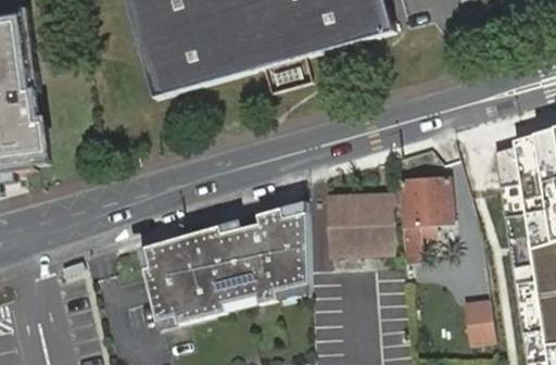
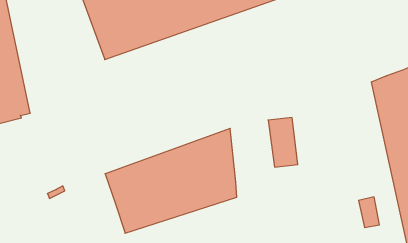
building: [403,177,453,257] -> none
building: [327,191,365,254] -> none

